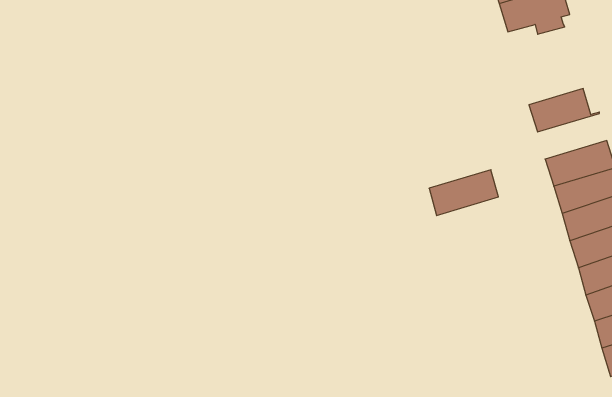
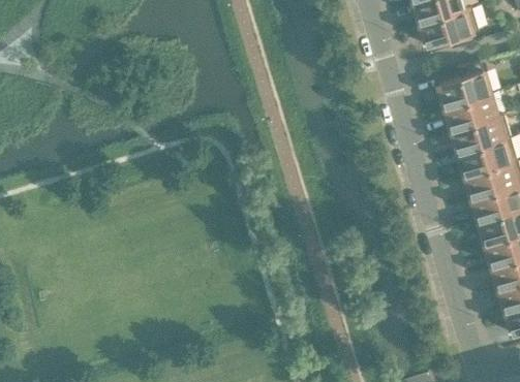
building: none -> [437,62,489,107]
building: [429,170,498,216] -> [451,115,509,153]

